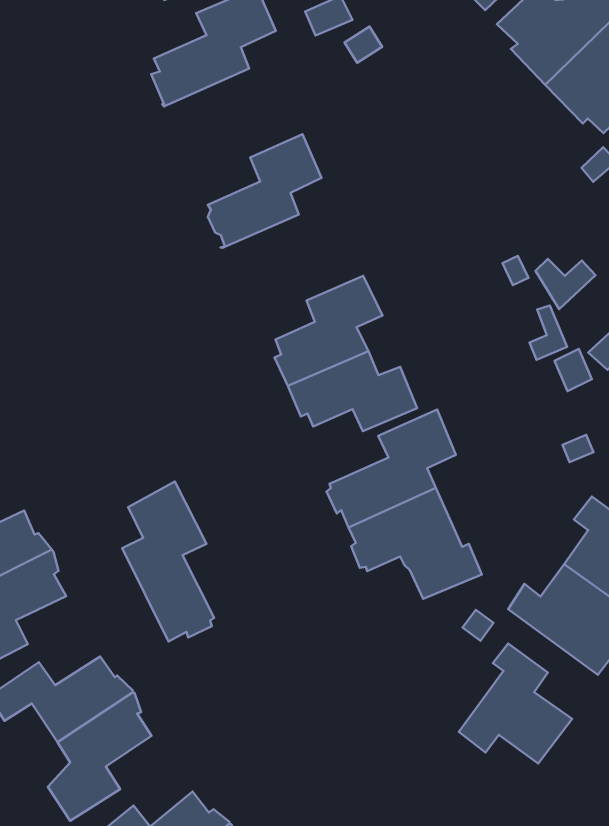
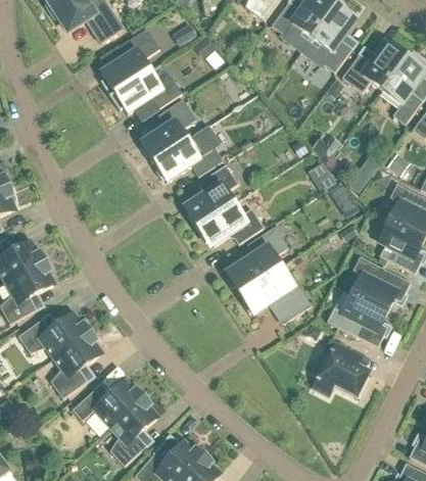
building: none -> [109,69,182,113]
building: none -> [151,125,223,181]
building: [122,482,214,641] -> none

